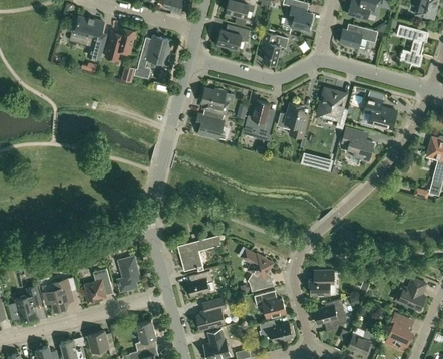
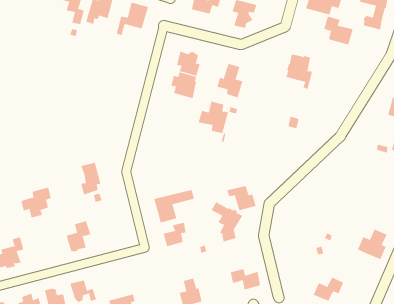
building: [364,97,396,128] -> [323,16,354,45]
building: [276,102,309,146] -> [198,101,229,142]
building: [342,127,372,160] -> none
building: [118,256,140,291] -> [81,162,101,195]
building: [308,270,334,295] -> none
building: [43,277,76,310] -> [20,187,52,218]
building: [254,290,286,317] -> [226,185,257,211]
building: [196,298,226,329] -> none
building: [313,304,347,325] -> none
building: [385,312,413,350] -> none
building: [135,319,157,351] -> none

